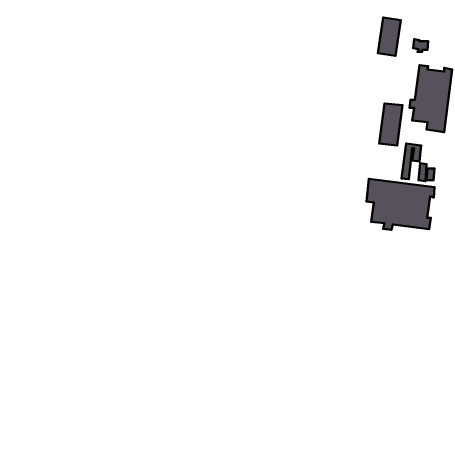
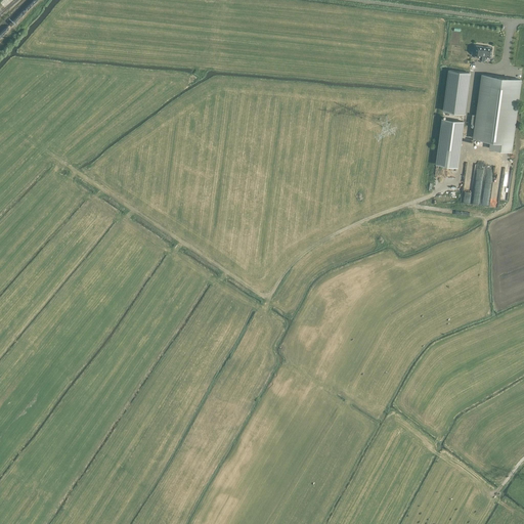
building: [378,18,401,56] -> [443,71,470,115]
building: [366,179,434,230] -> none

